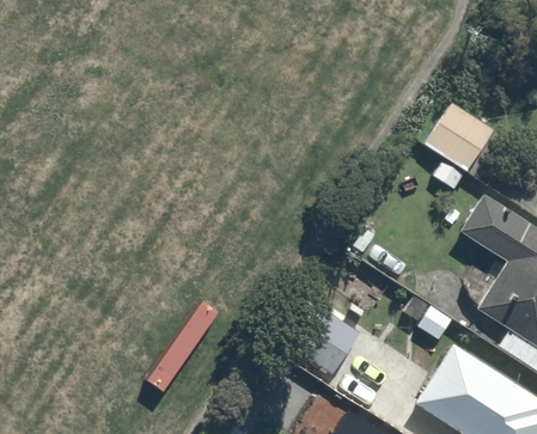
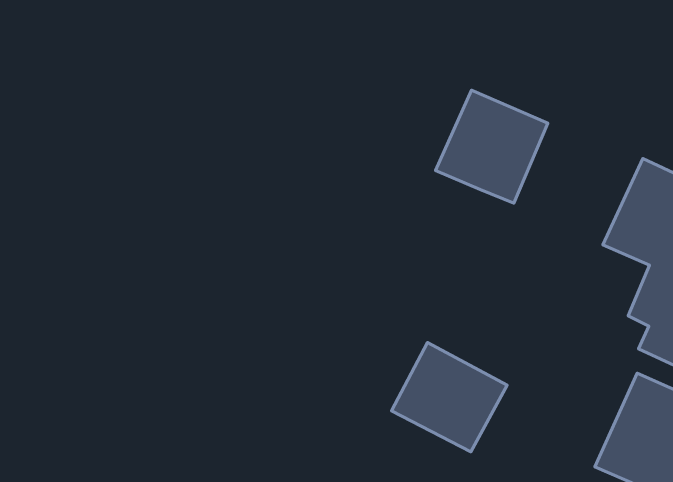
building: [417,90,500,172] -> [436,90,548,203]

